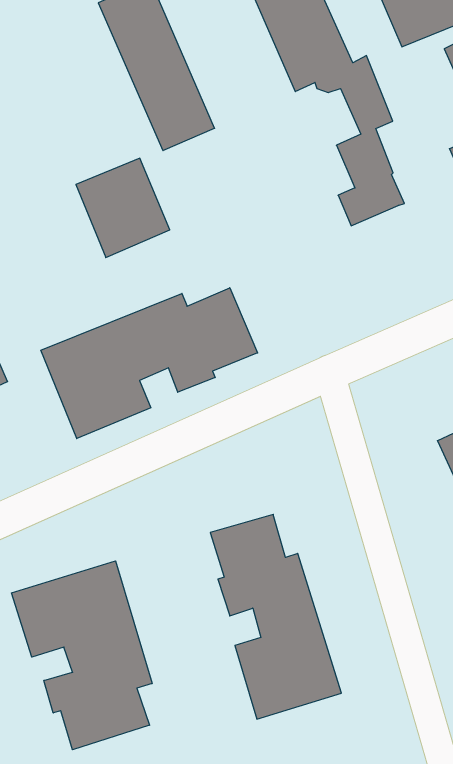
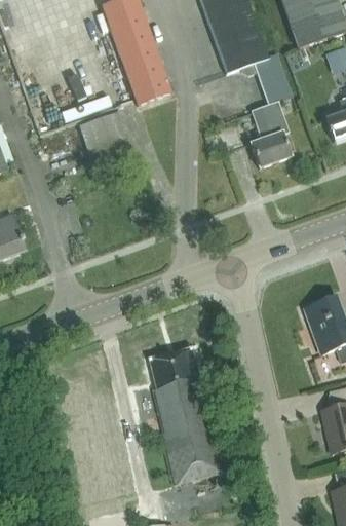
building: [41,288,258,439] -> none
building: [11,561,152,750] -> none

